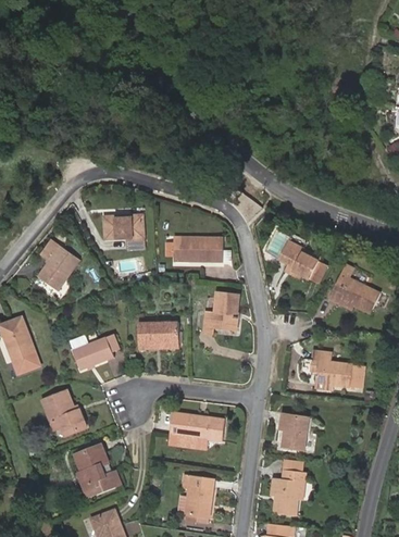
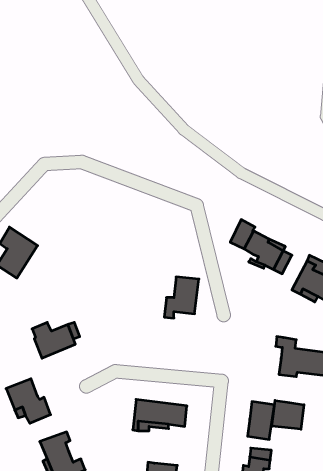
building: [101,214,140,247] -> none
building: [171,235,219,258] -> none
building: [134,324,175,350] -> none
building: none -> [272,400,304,429]

